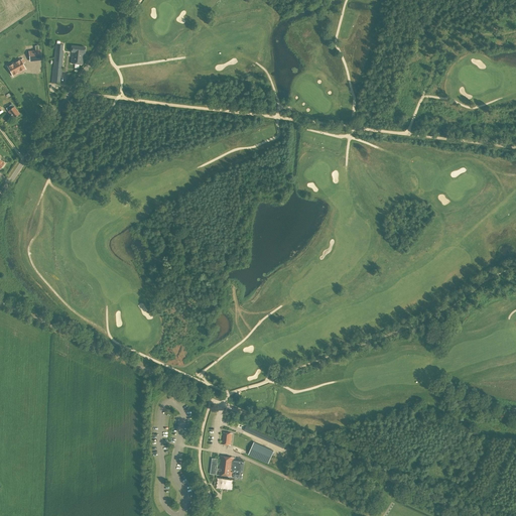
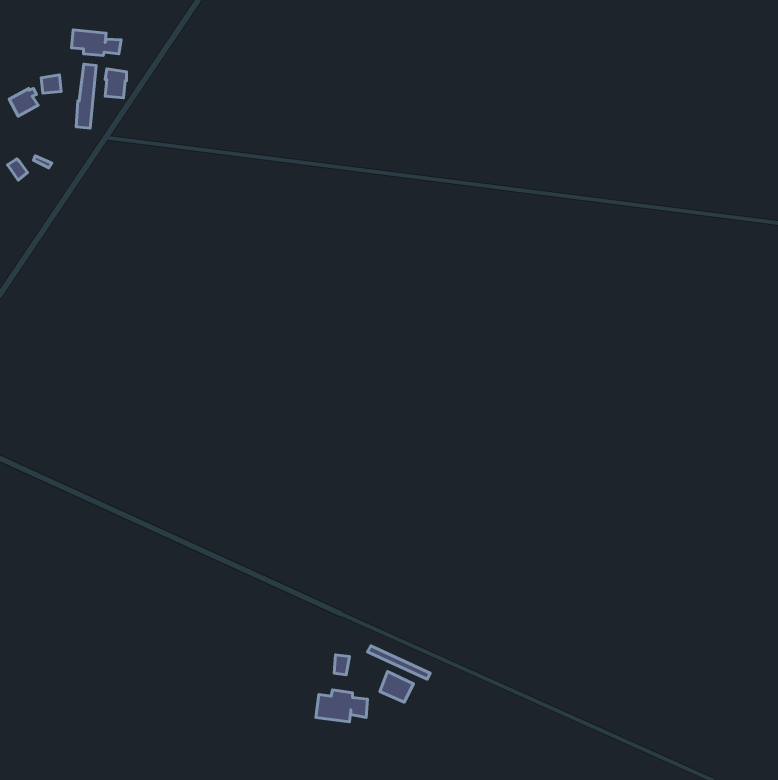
building: none -> [71,30,121,56]

